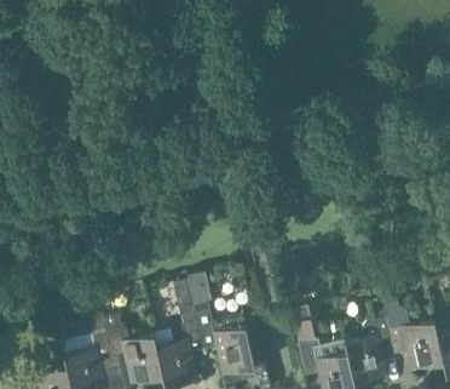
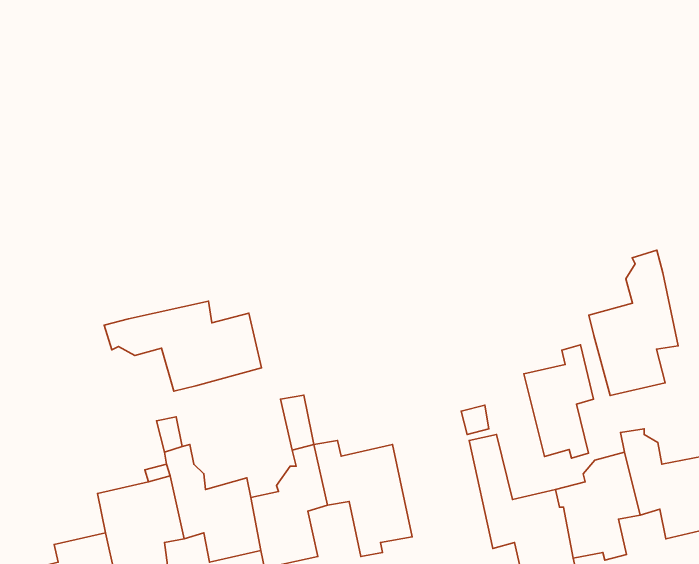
building: none -> [589,250,678,396]
building: none -> [104,301,262,391]
building: none -> [524,345,593,458]

